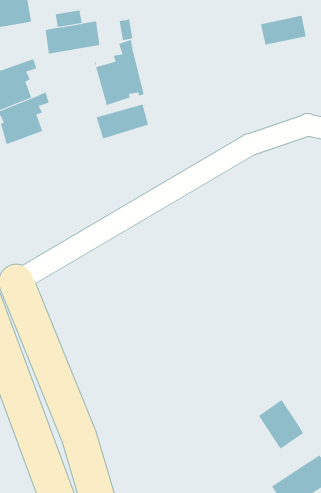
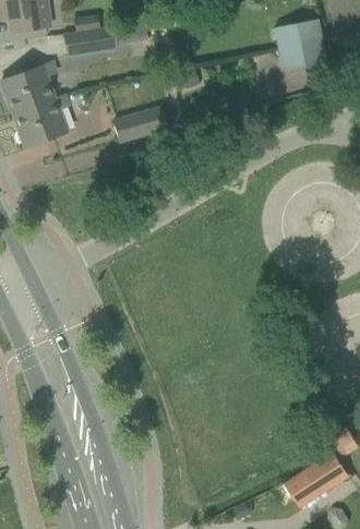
building: none -> [279,40,325,70]
building: [94,39,144,106] -> none
building: [258,399,304,450] -> none

